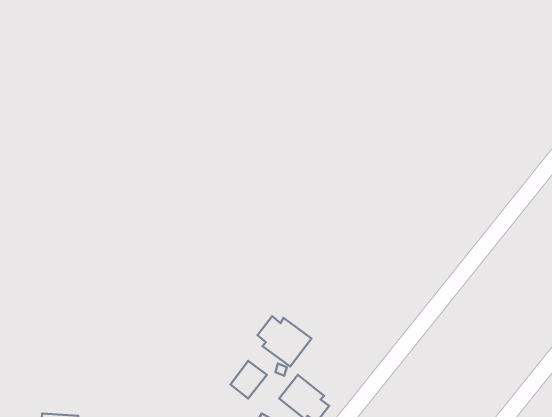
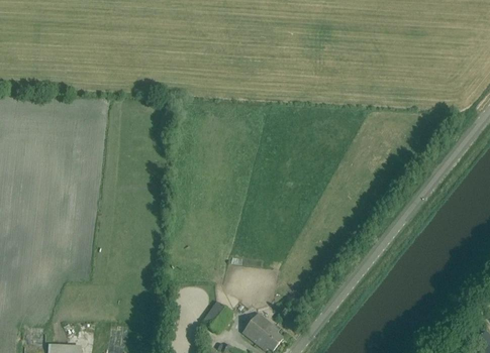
building: [257,316,311,367] -> none

